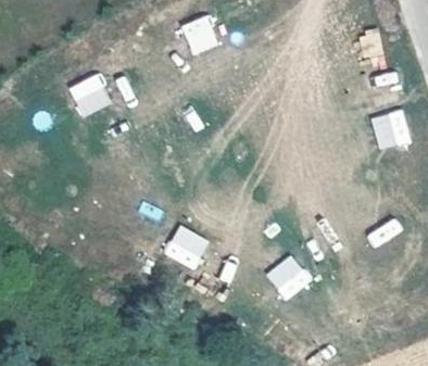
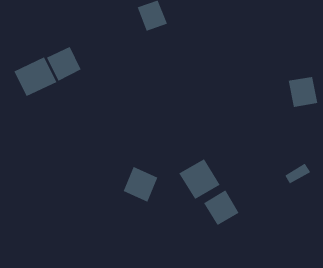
building: none -> [14,57,57,97]
building: none -> [179,159,220,200]

